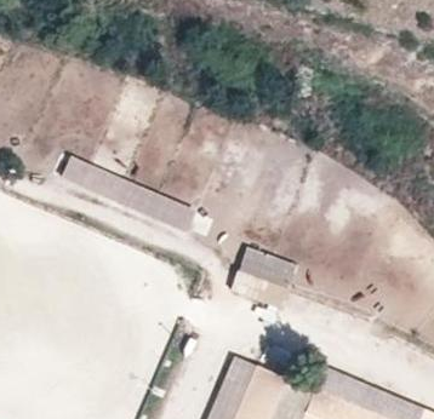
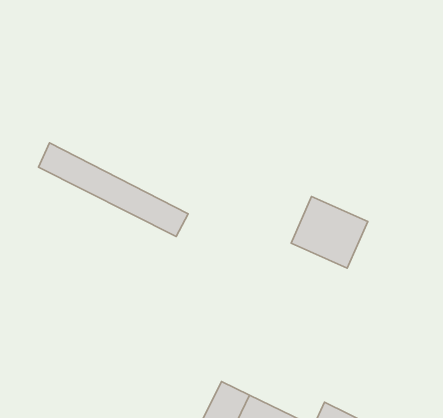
building: [230,246,297,308] -> [291,196,368,268]

